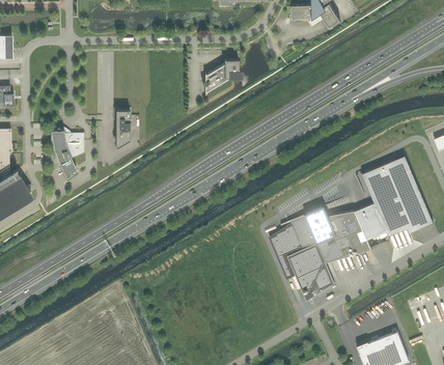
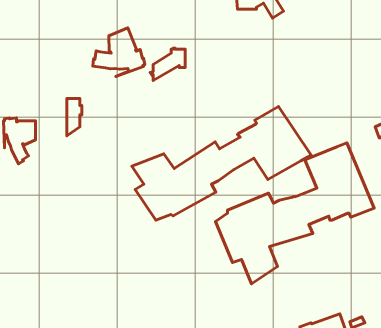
building: none -> [93,28,145,76]
building: none -> [132,107,311,220]

